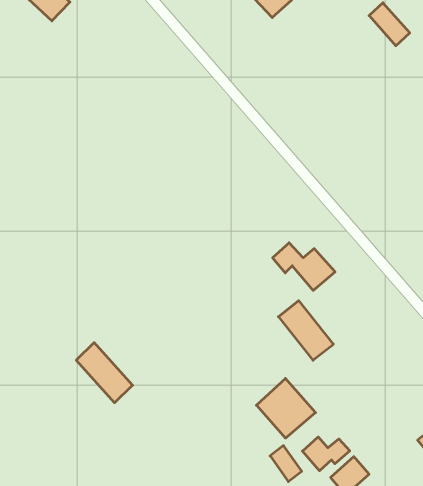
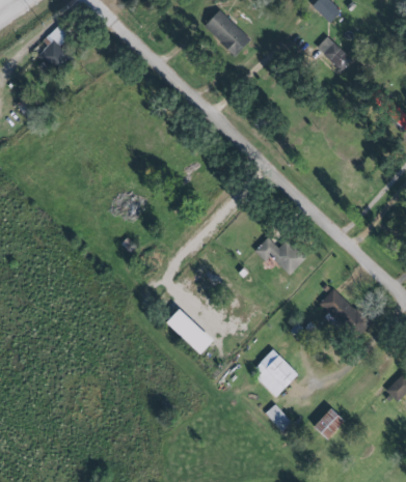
building: [278,301,333,360] -> [319,287,366,335]
building: [76,343,133,403] -> [167,308,215,356]
building: [302,437,350,471] -> none

